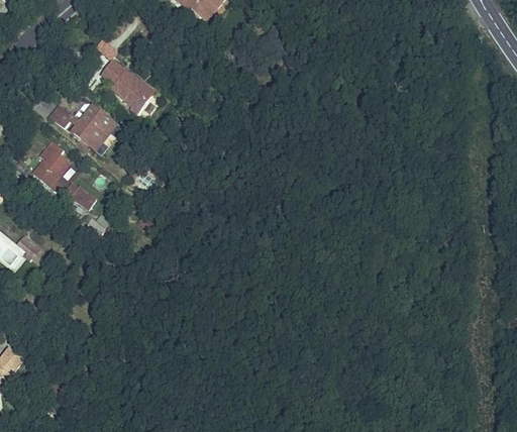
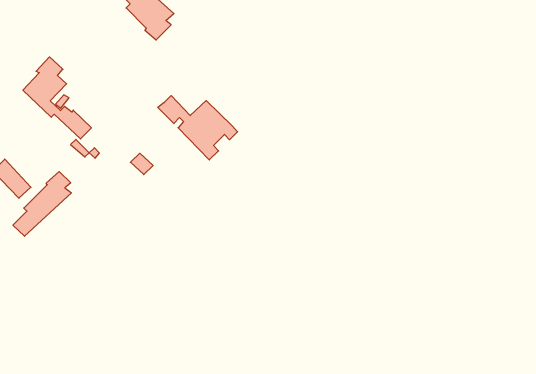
building: [48,104,121,155] -> [158,96,238,160]
building: none -> [13,172,71,236]

